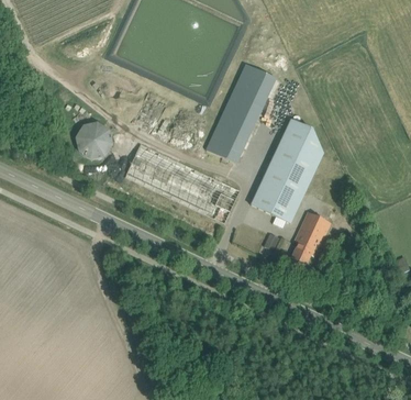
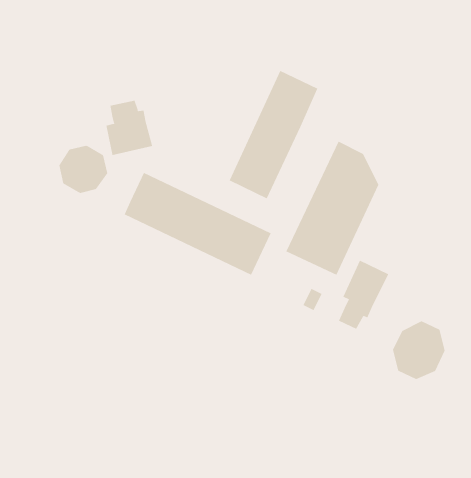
building: none -> [106,100,153,156]
building: none -> [392,320,445,380]

